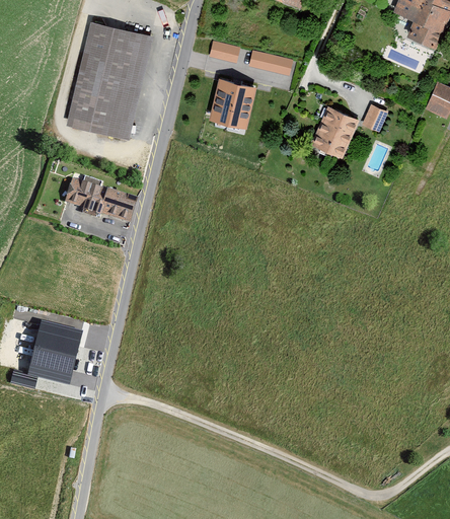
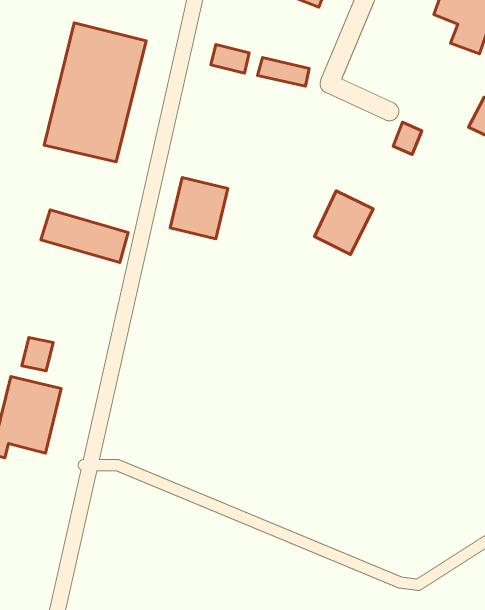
building: [207,76,255,128] -> [170,178,228,239]
building: [311,105,361,159] -> [315,191,373,254]
building: none -> [22,337,53,371]

